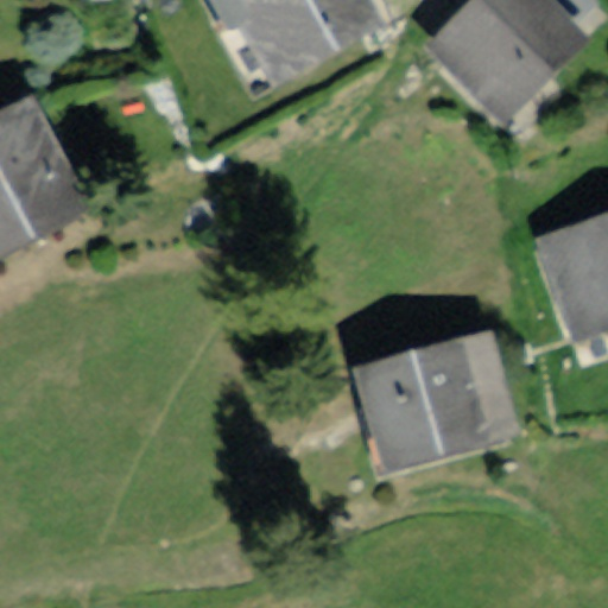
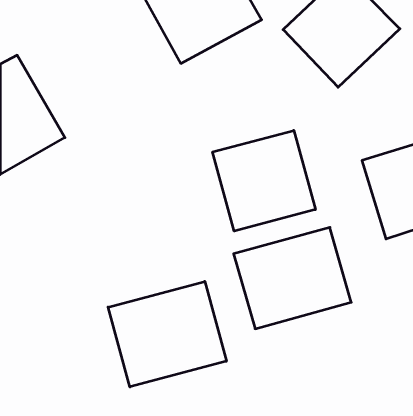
building: none -> [213,130,315,231]
building: none -> [108,281,226,387]

